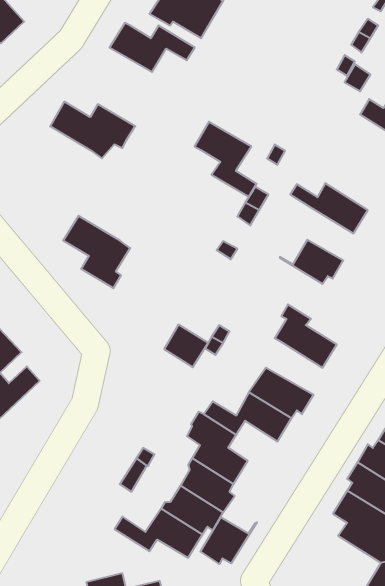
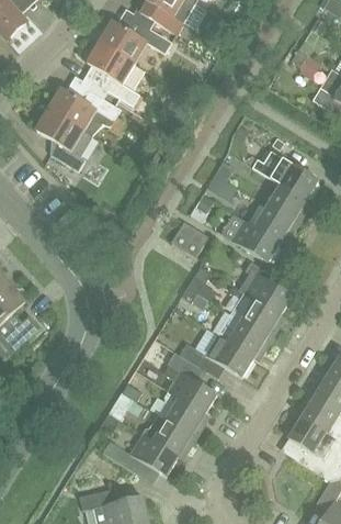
building: [195,122,257,197] -> [87,42,139,105]
building: none -> [266,178,306,223]
building: [63,216,130,288] -> [35,109,92,170]
building: none -> [231,221,280,263]
building: [164,325,208,367] -> [171,221,208,257]
building: none -> [231,292,281,337]
building: [200,517,257,564] -> none

